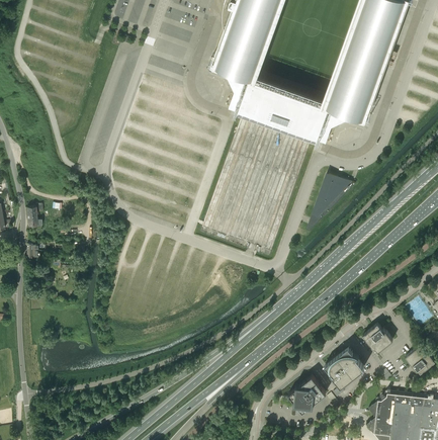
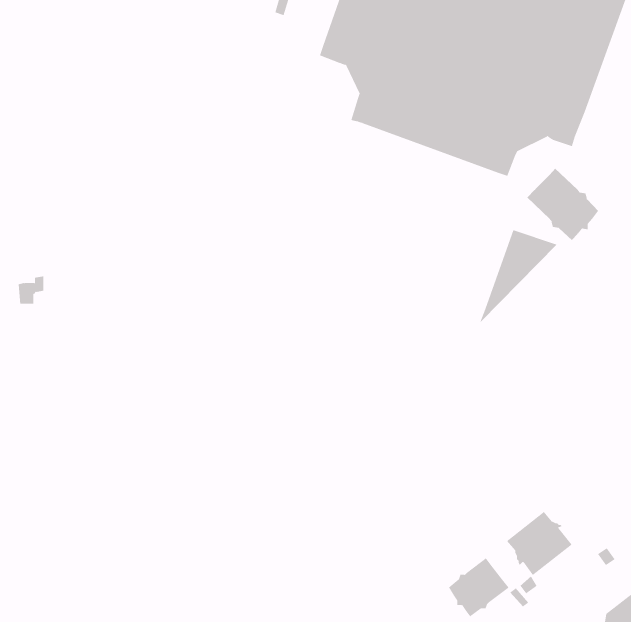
building: none -> [526,168,599,241]
building: [362,325,392,353] -> none

